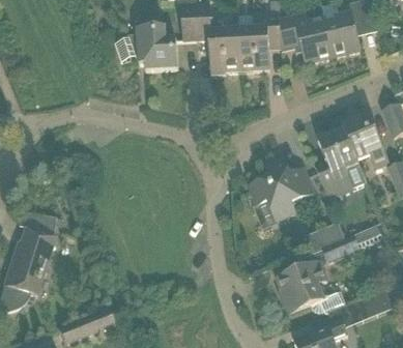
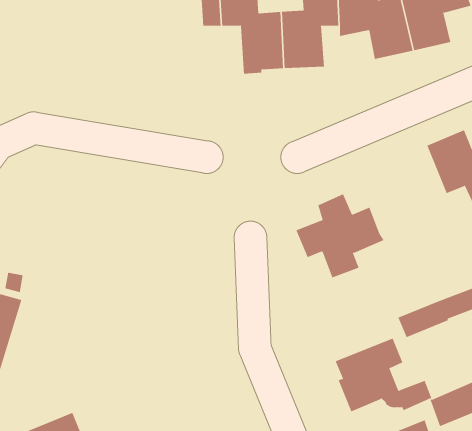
building: [116,26,178,68] -> none
building: [314,124,366,200] -> none
building: [308,222,345,250] -> none

